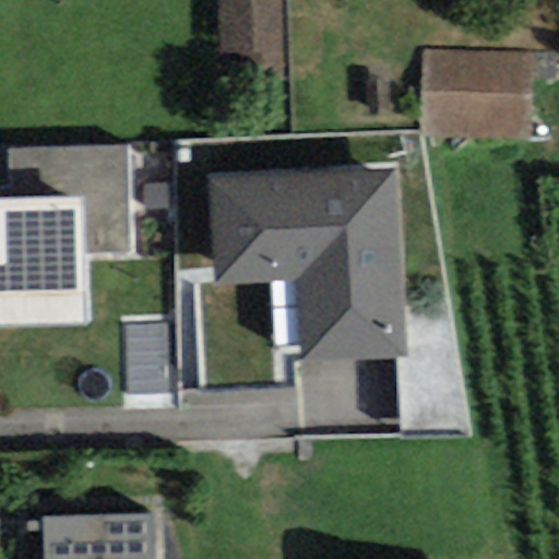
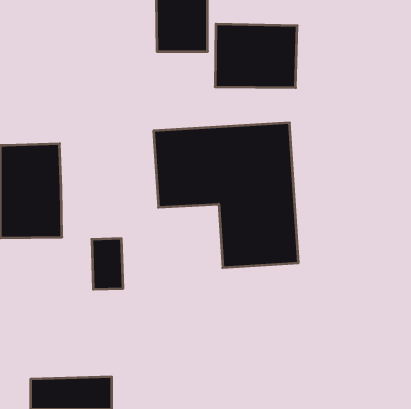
building: [421,49,533,135] -> [215,24,297,88]
building: [7,145,133,255] -> none

